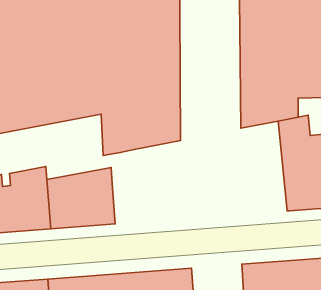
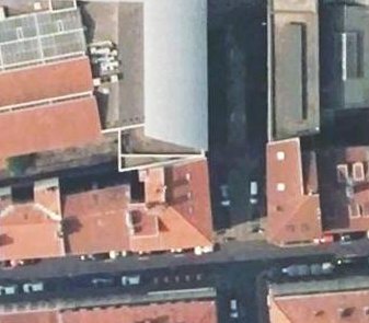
building: none -> [269,138,320,239]
building: none -> [129,159,210,250]

